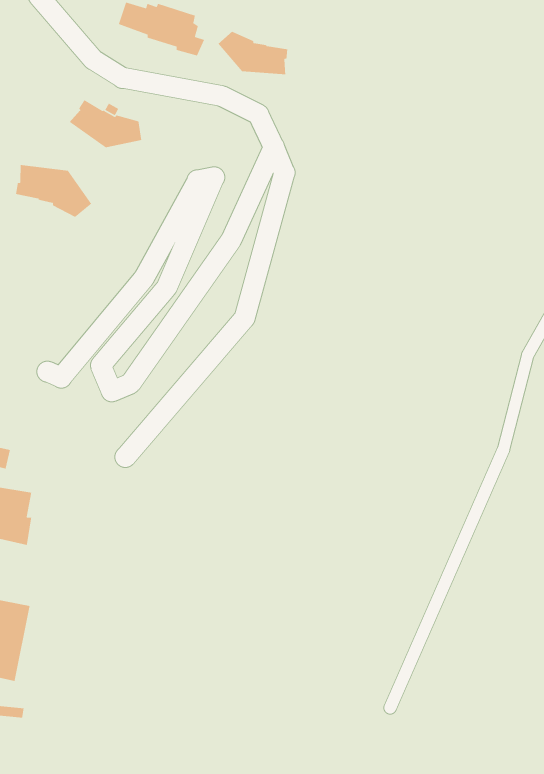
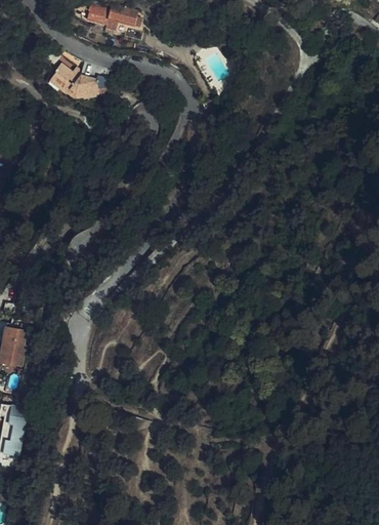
building: [218,31,288,75] -> none
building: [15,164,92,218] -> none

